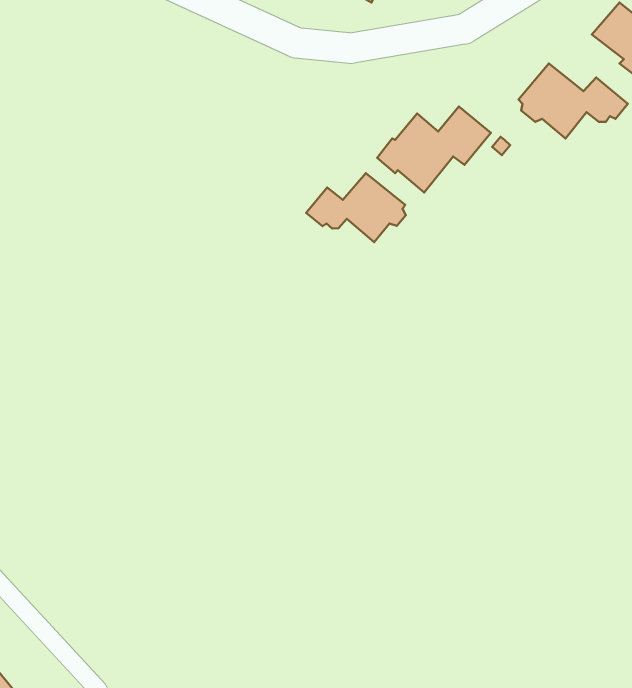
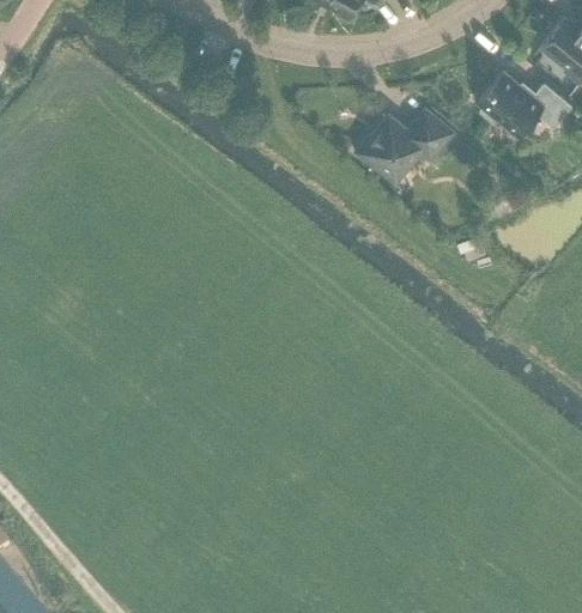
building: [306,173,406,242] -> none

